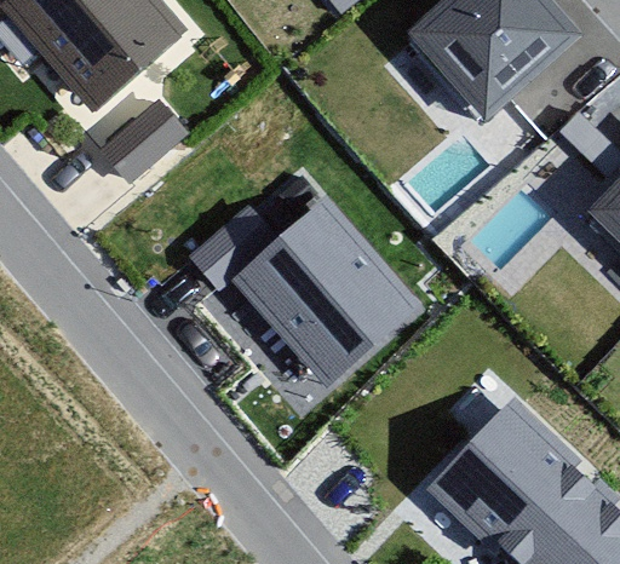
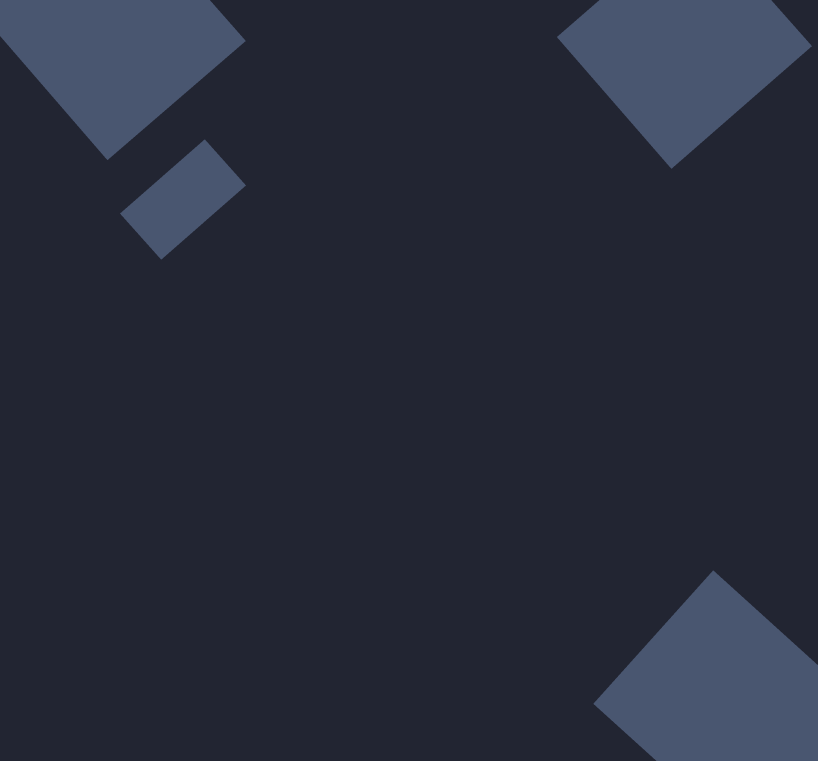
building: [224,188,427,392] -> none

